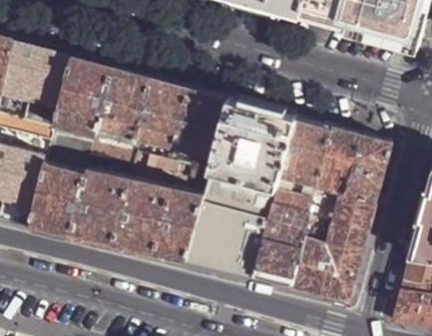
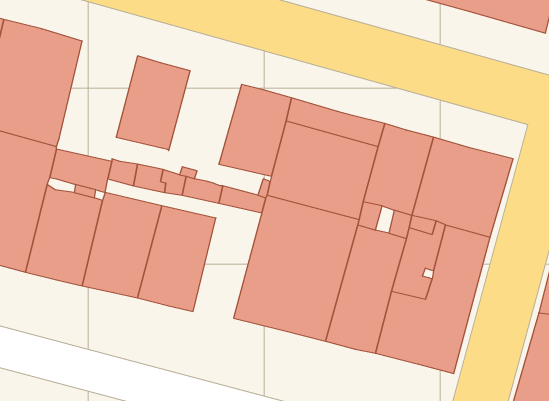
building: [55,58,113,138] -> none
building: [136,80,190,149] -> none
building: [154,190,202,266] -> none

